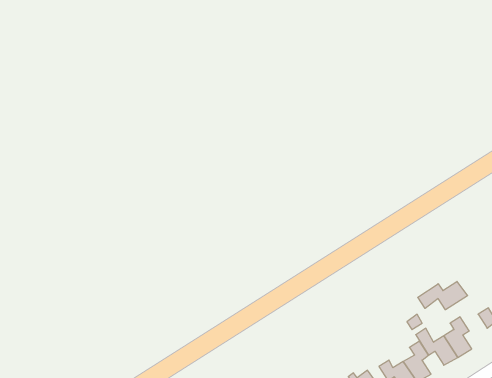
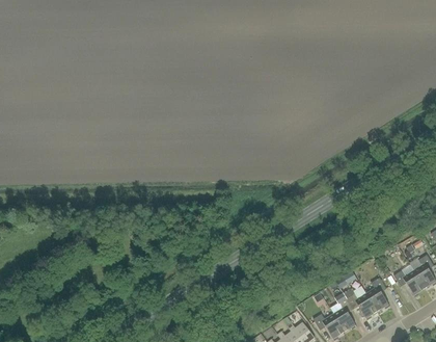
building: [418,281,468,310] -> none

